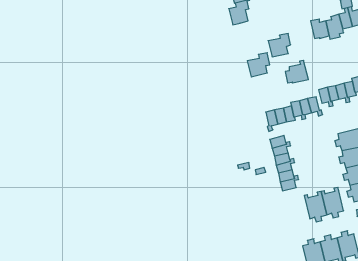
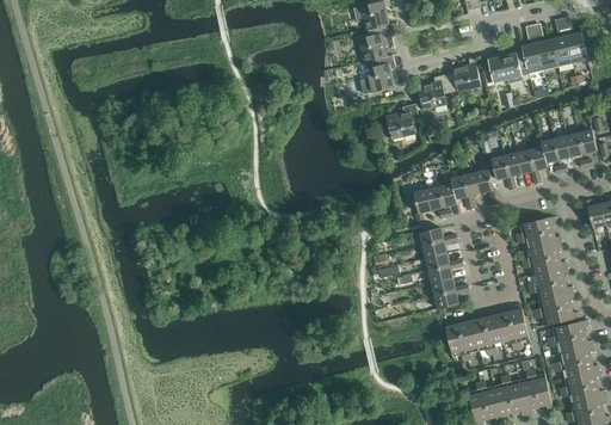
building: none -> [362,55,396,94]
building: [285,60,308,83] -> [448,58,482,92]
building: none -> [446,316,480,362]

